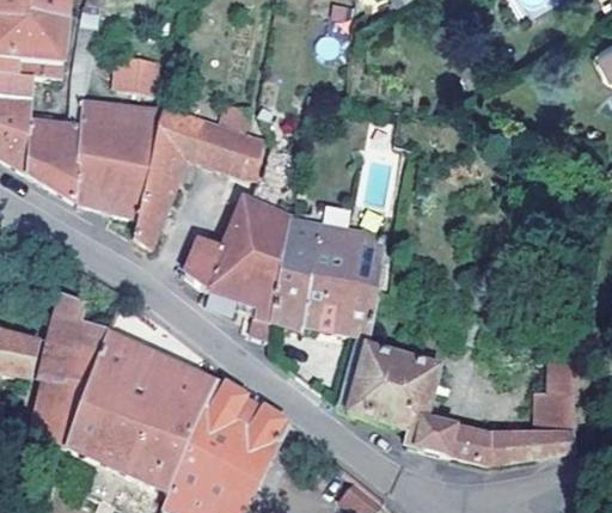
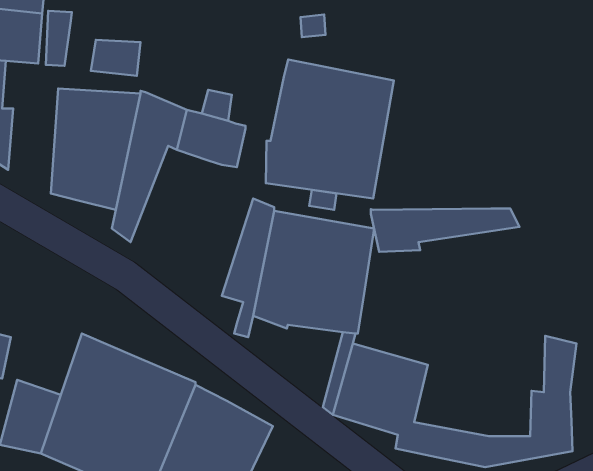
building: none -> [266,60,394,199]
building: [35,99,82,201] -> none
building: [183,195,269,299] -> none
building: none -> [371,209,520,252]
building: [37,294,106,393] -> none

